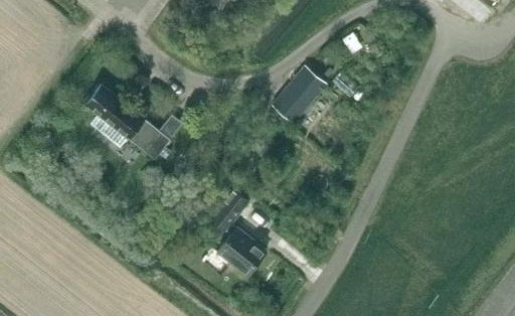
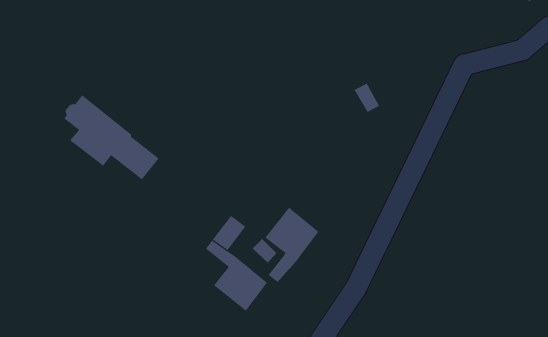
building: [274,68,327,123] -> none
building: none -> [265,207,319,283]

